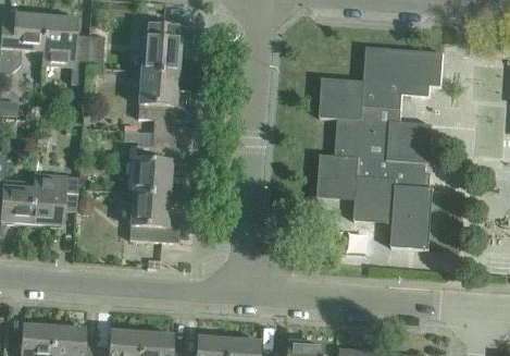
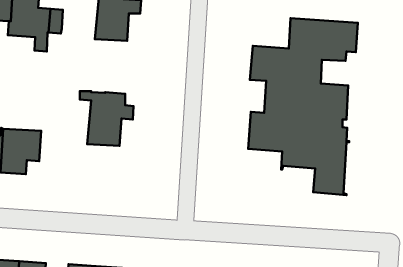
building: [137,70,188,133] -> none
building: [121,191,179,259] -> none

